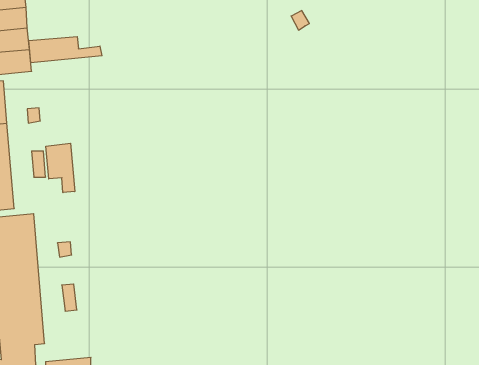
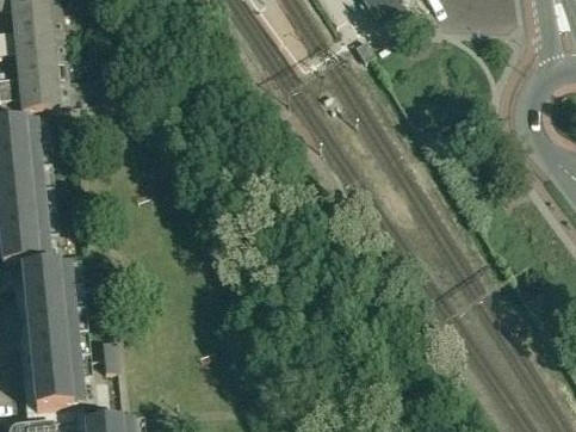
building: [29,37,102,63] -> none
building: [46,143,75,193] -> none

